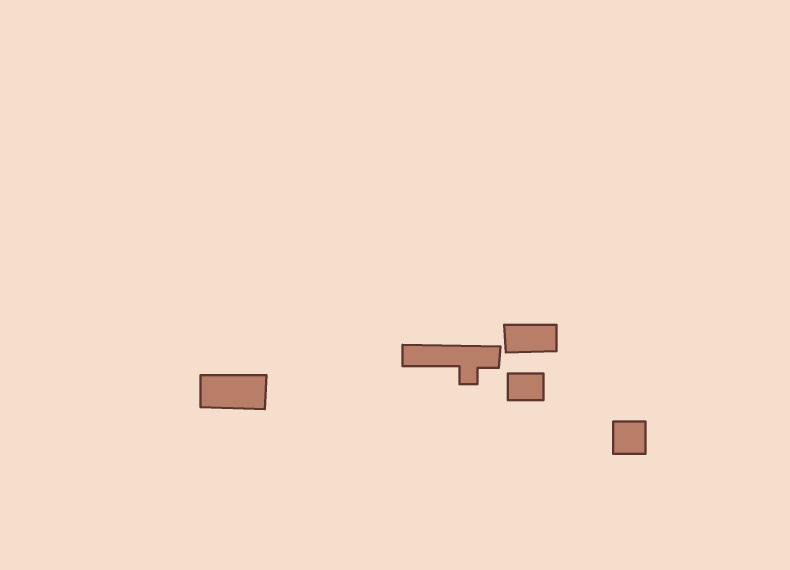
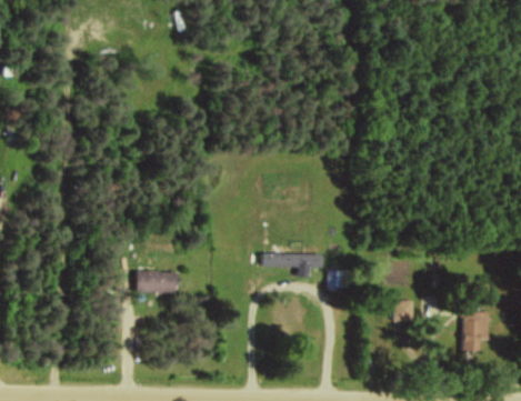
building: [504,325,556,352] -> none
building: none -> [463,313,488,352]

